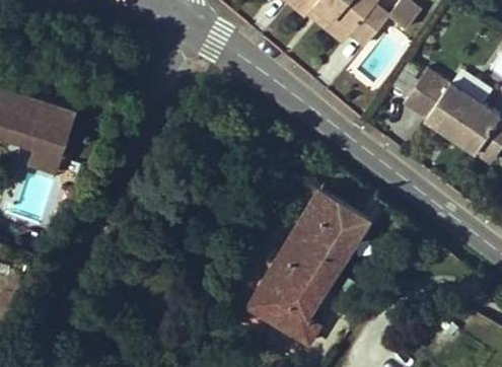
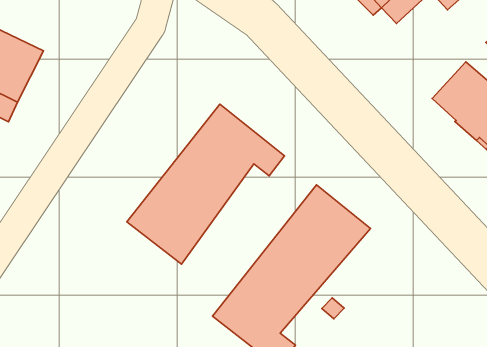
building: none -> [127,104,285,264]

